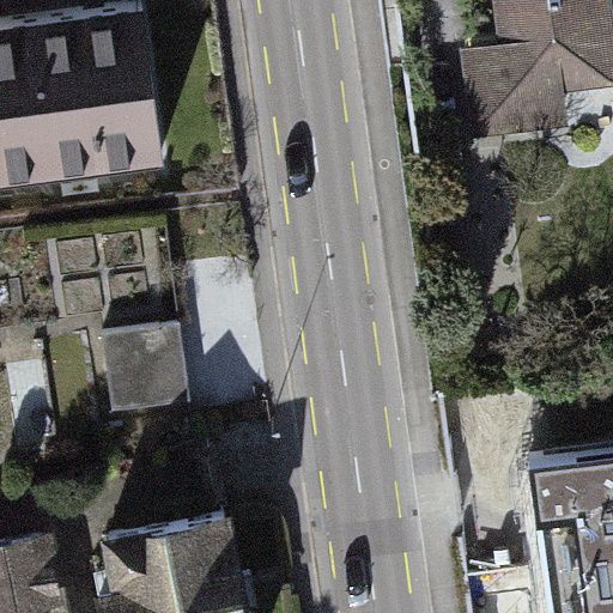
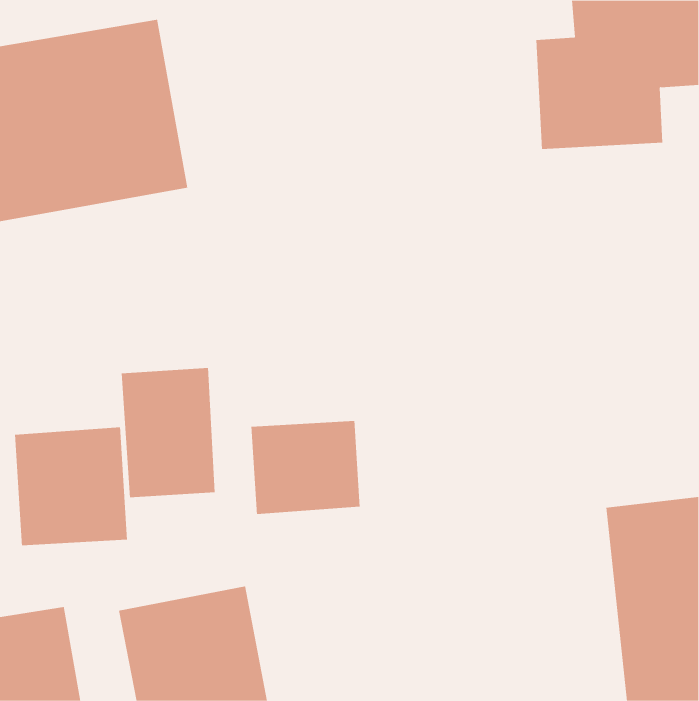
building: none -> [251,420,360,515]
building: none -> [15,426,128,546]

